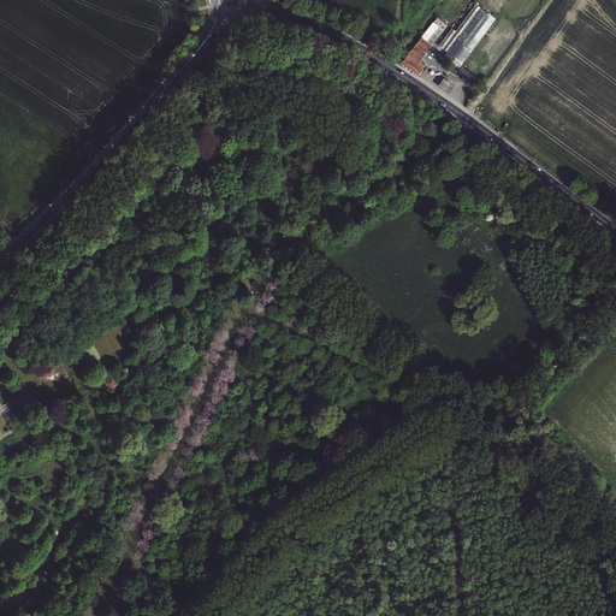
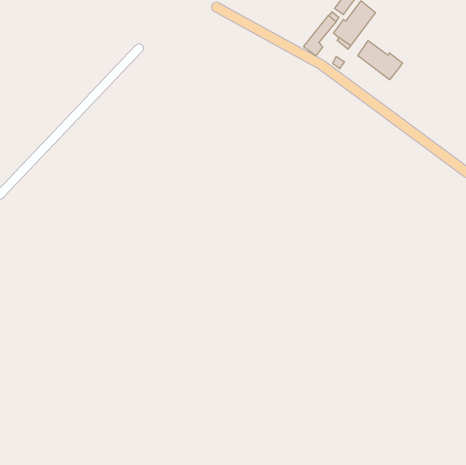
building: none -> [358,41,402,80]

